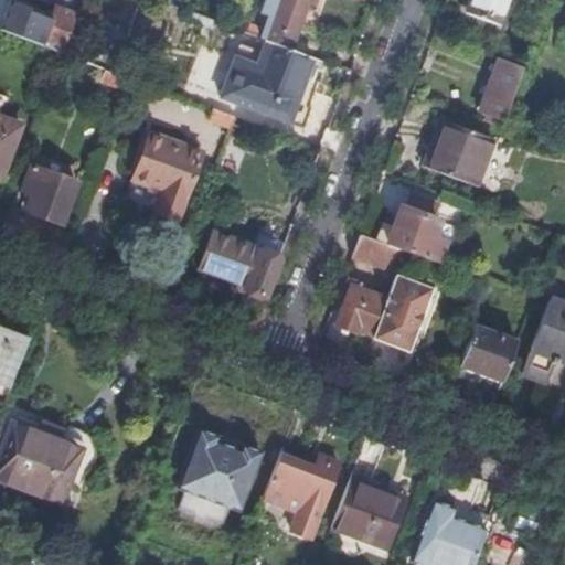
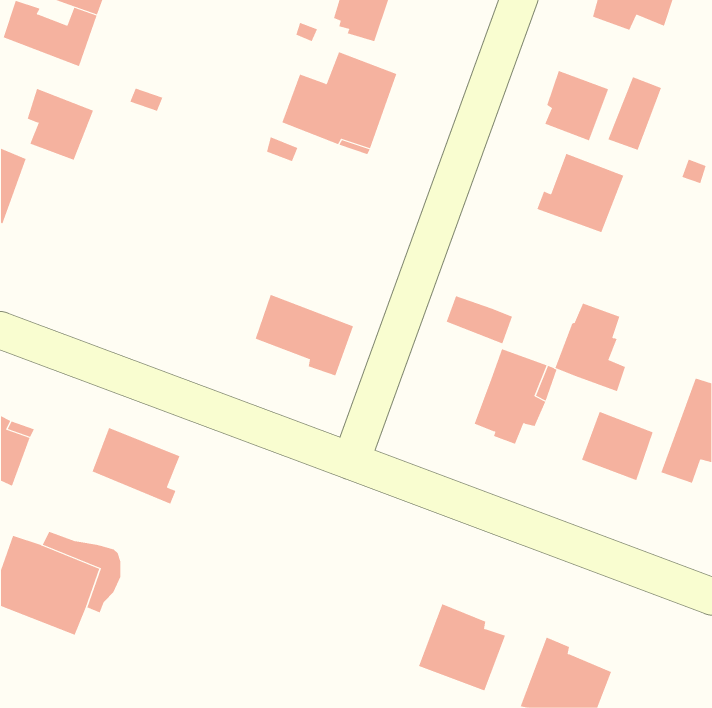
building: none -> [545,70,609,141]
building: [128,132,205,217] -> none
building: [25,166,78,223] -> [27,88,94,161]
building: [390,192,446,263] -> [555,303,626,392]
building: [338,279,388,335] -> none
building: none -> [92,427,180,505]
building: [173,429,258,526] -> none
building: [262,452,335,539] -> none

